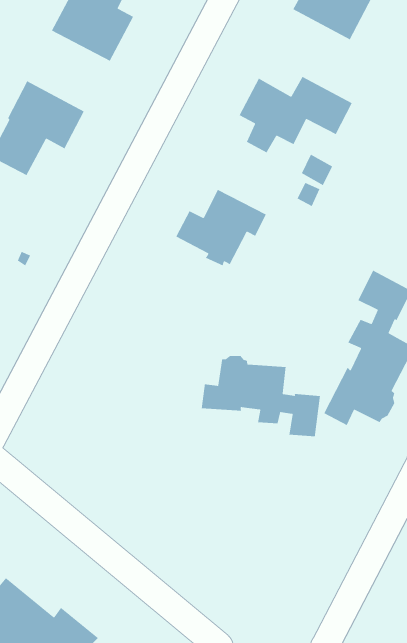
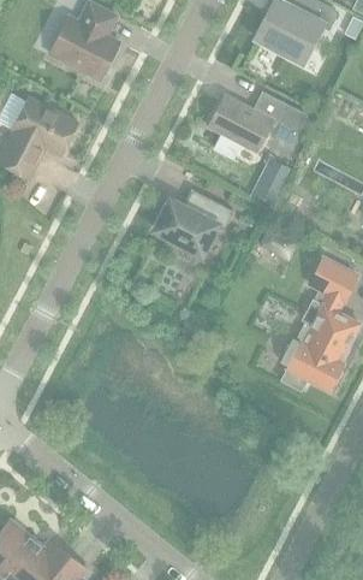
building: [201,355,321,437] -> none

